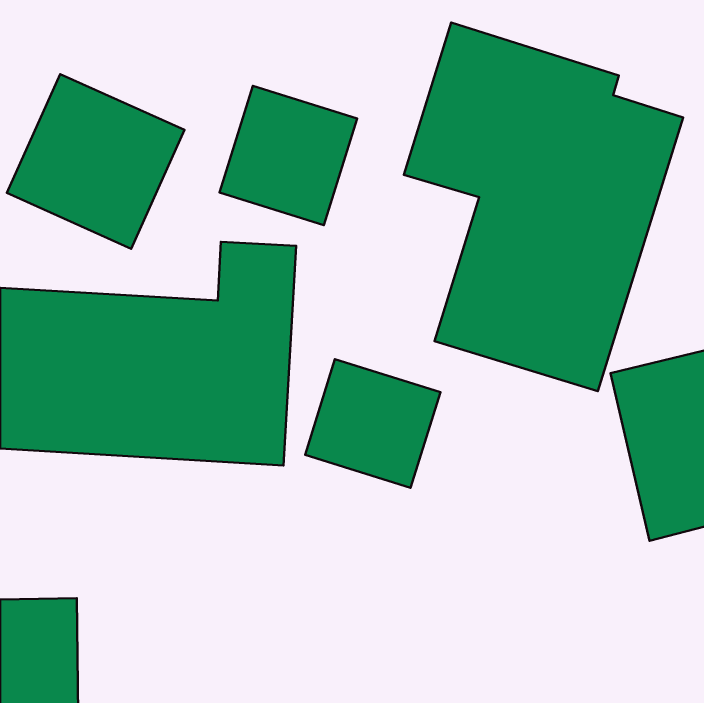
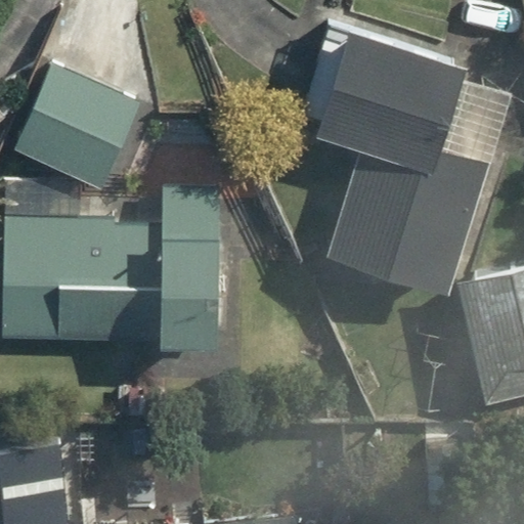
building: [219,86,357,225] -> none
building: [305,359,441,488] -> none

